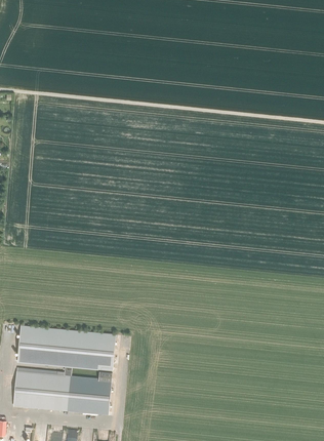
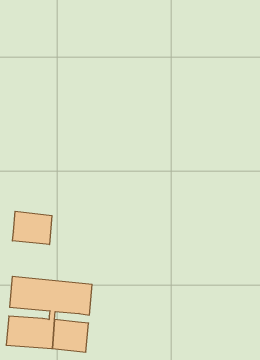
building: none -> [12,211,52,245]

